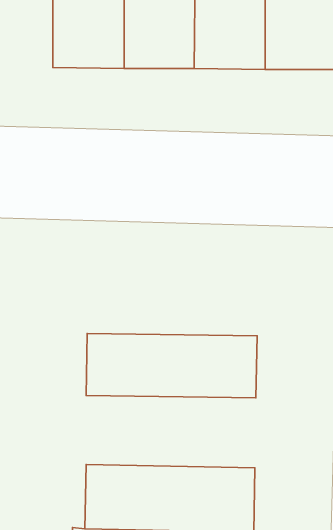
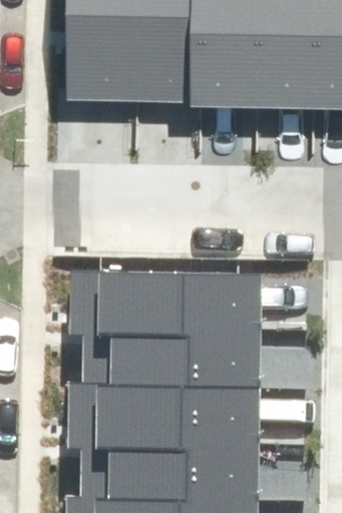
building: none -> [91,270,253,333]
building: none -> [90,385,251,448]

